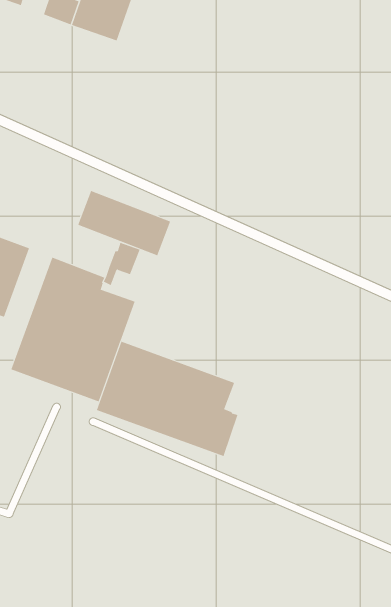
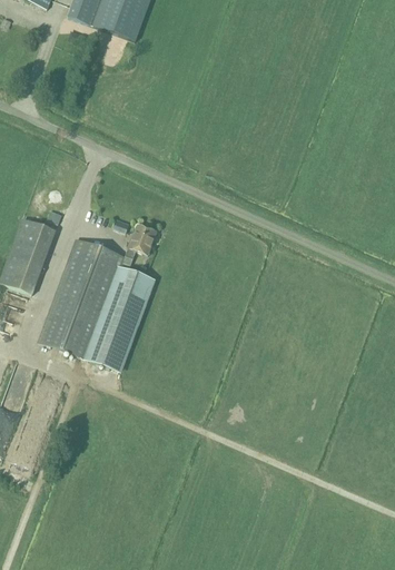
building: [77,190,171,256] -> none
building: [96,341,238,457] -> none

